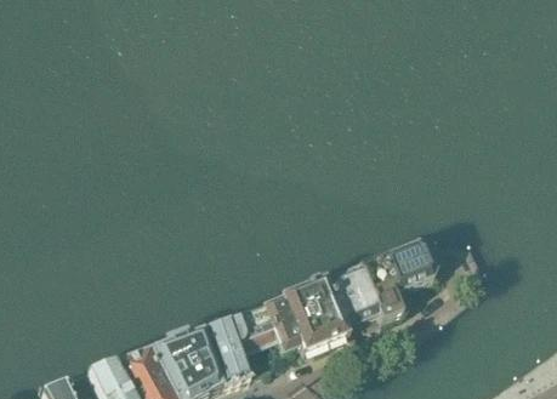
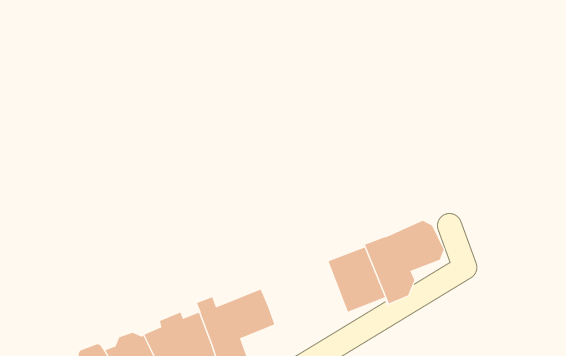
building: [256,280,342,355] -> none

